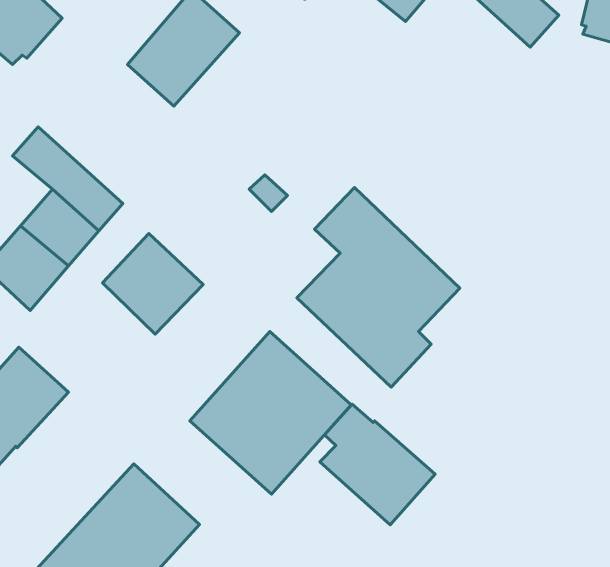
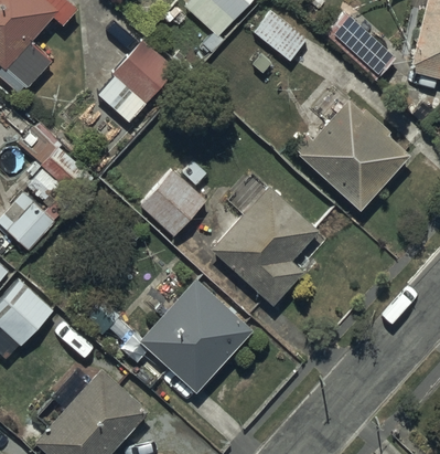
building: none -> [294,92,409,207]
building: [102,233,203,334] -> [139,175,208,244]
building: [320,404,435,525] -> none

